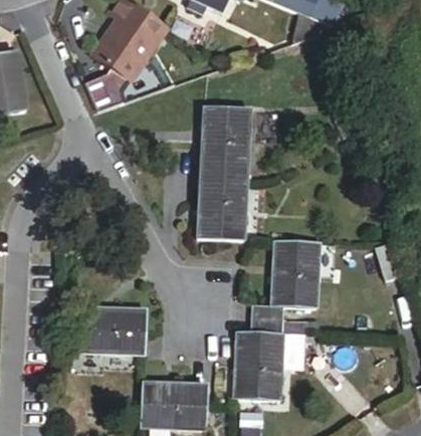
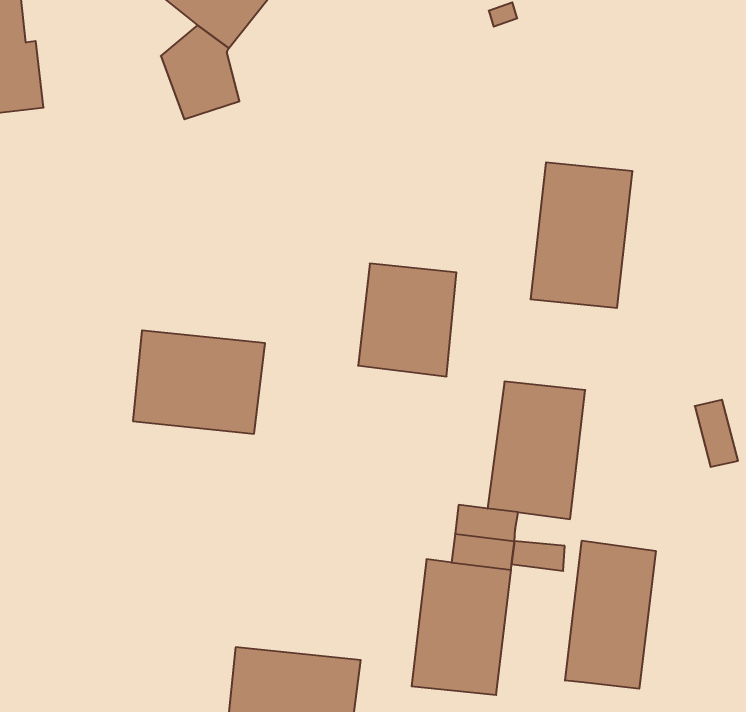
building: [201,112,250,185] -> [530,162,633,308]
building: [80,305,147,356] -> [133,330,265,434]
building: none -> [565,541,656,689]

